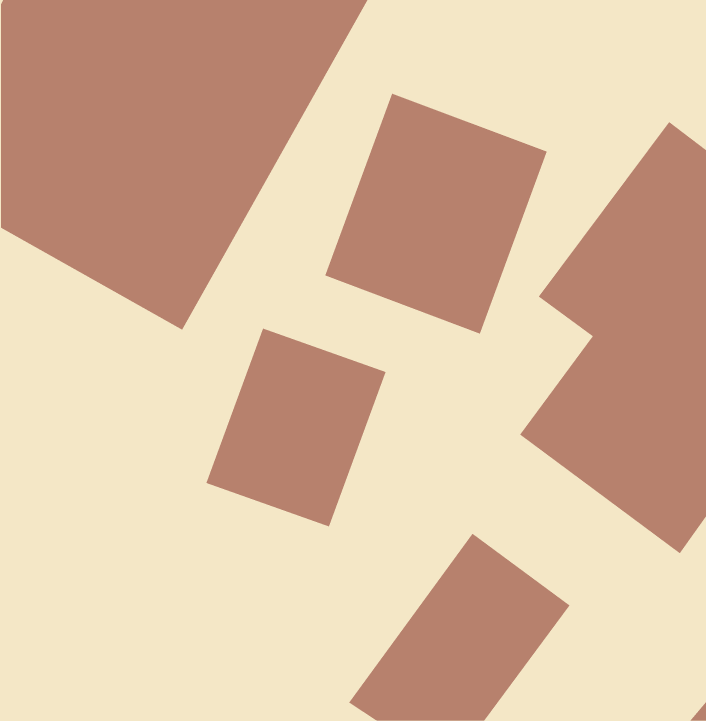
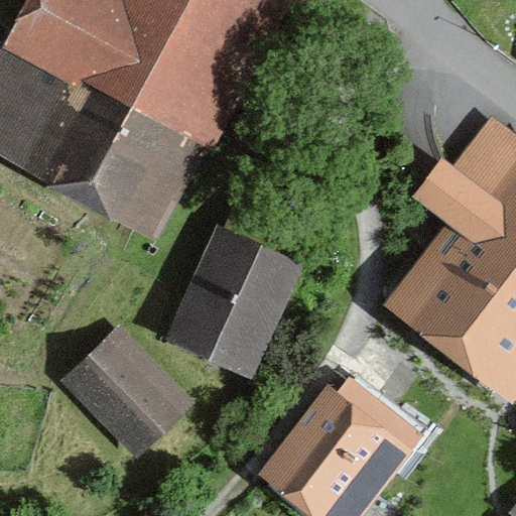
building: [324,93,547,335] -> none
building: none -> [52,321,185,455]

